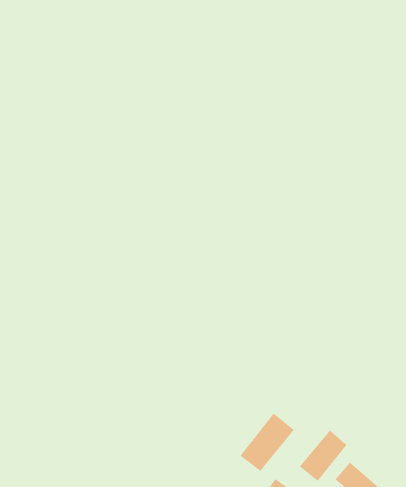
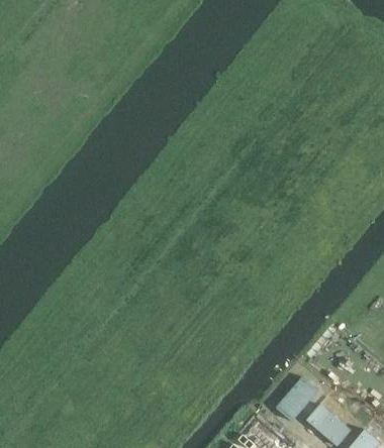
building: [239,412,295,472] -> none

